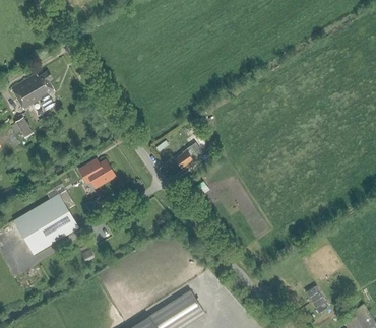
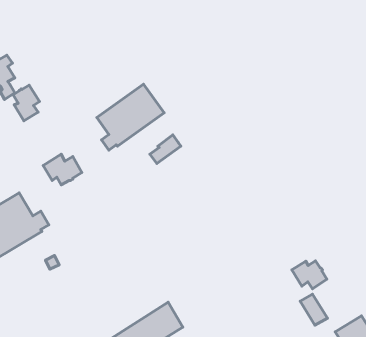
building: none -> [97,84,164,150]
building: none -> [13,85,40,121]
building: none -> [292,261,327,289]

